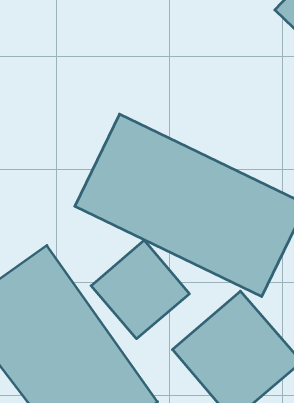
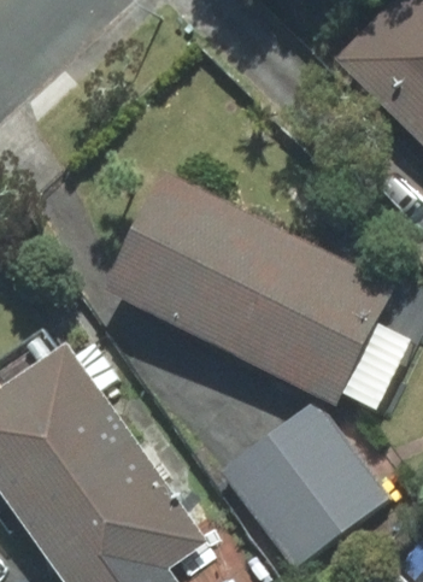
building: [91,240,189,339] -> none

